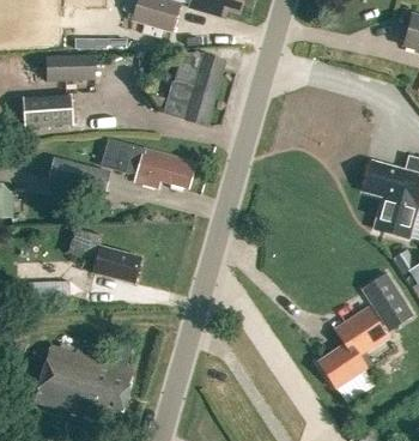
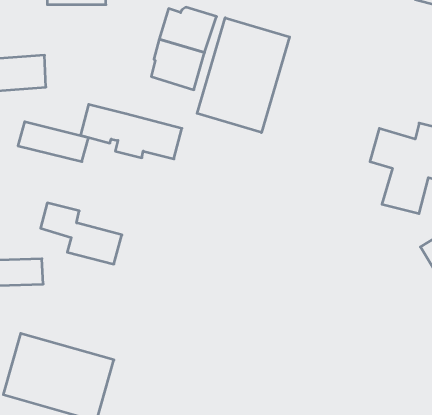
building: [44,54,93,80] -> none
building: none -> [197,18,290,133]
building: [360,270,413,328] -> none
building: [317,308,385,388] -> none

